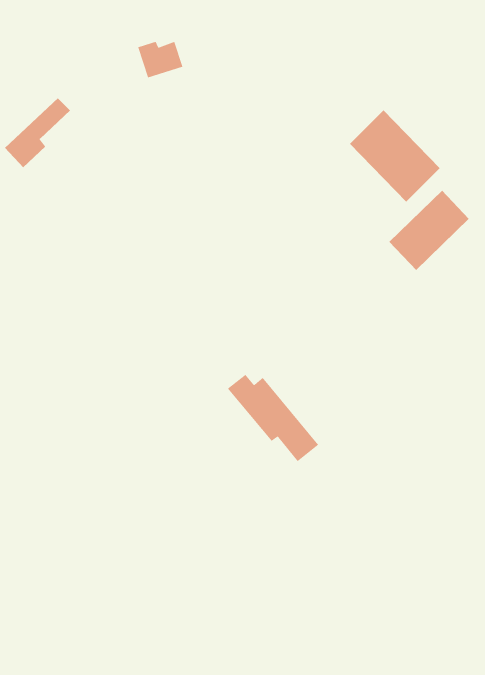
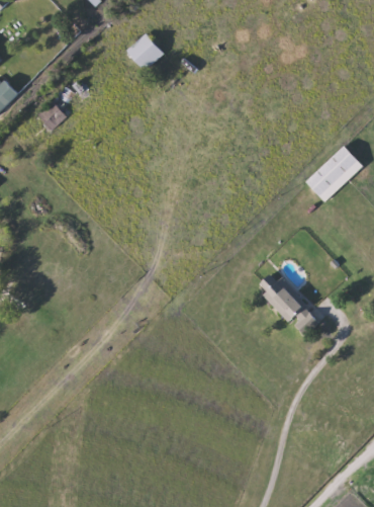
building: [349,110,441,203] -> none
building: [227,374,319,462] -> [255,273,319,335]

